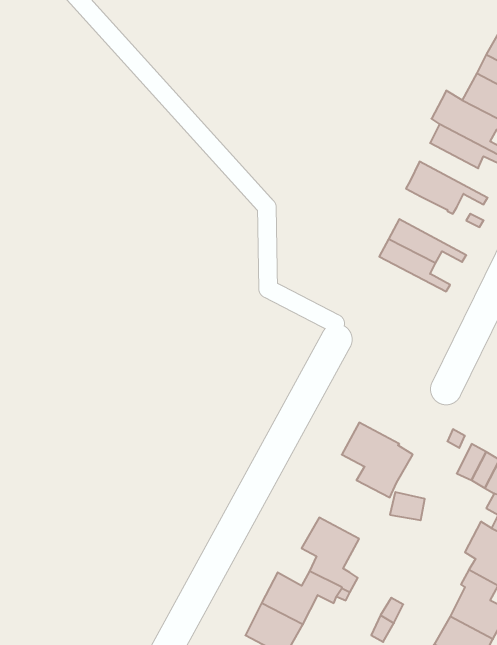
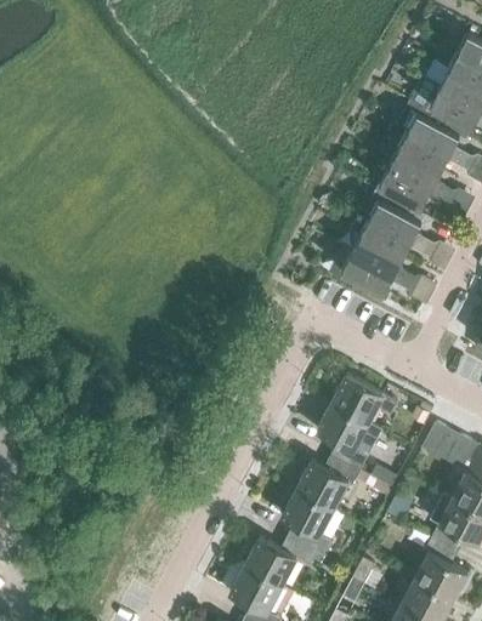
building: none -> [389,148,454,198]
building: none -> [370,189,435,250]
building: none -> [322,247,413,301]
building: none -> [334,375,397,421]
building: none -> [297,454,362,507]

